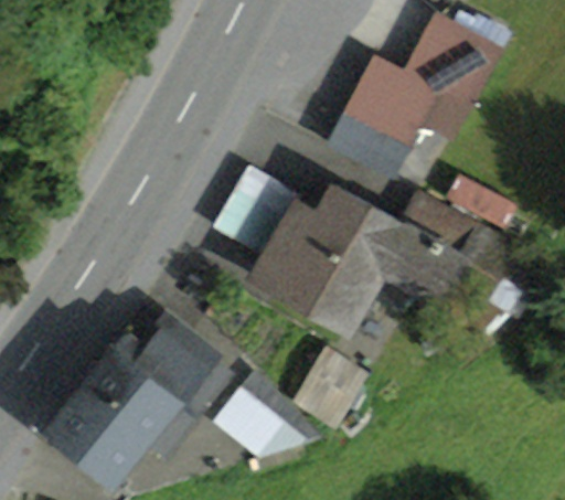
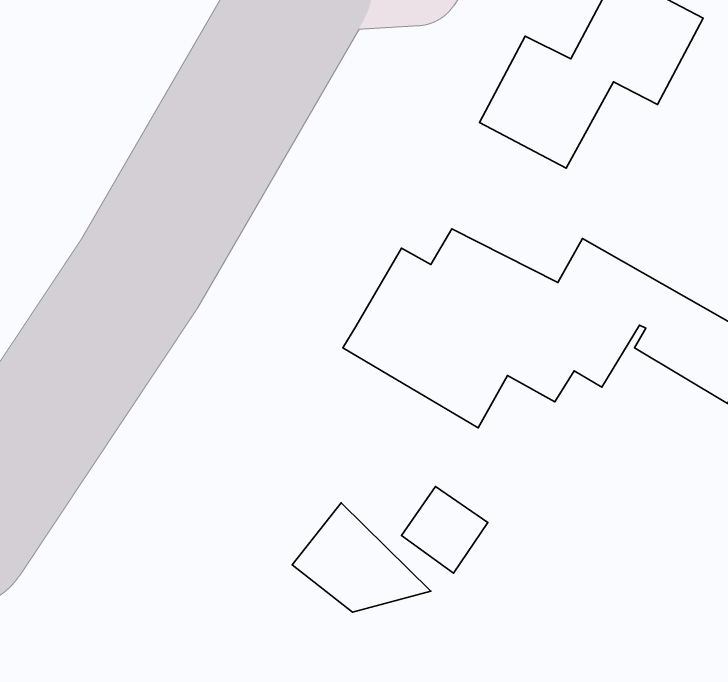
building: [211,167,298,257] -> none
building: [46,317,226,485] -> none

